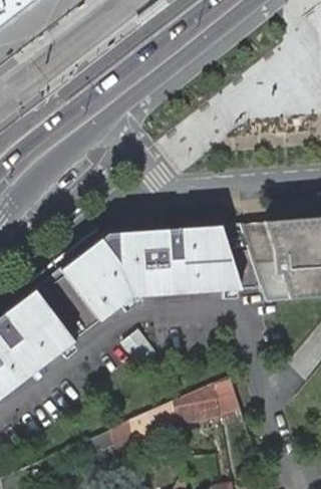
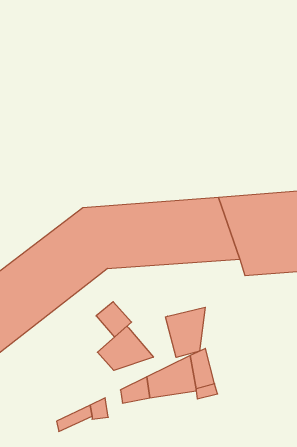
building: none -> [166,307,205,357]
building: none -> [97,326,153,370]

